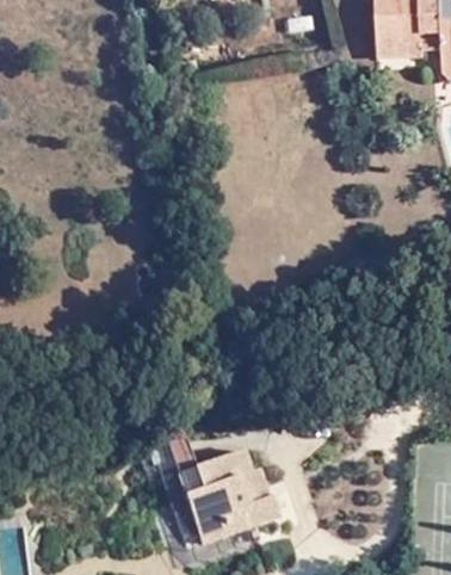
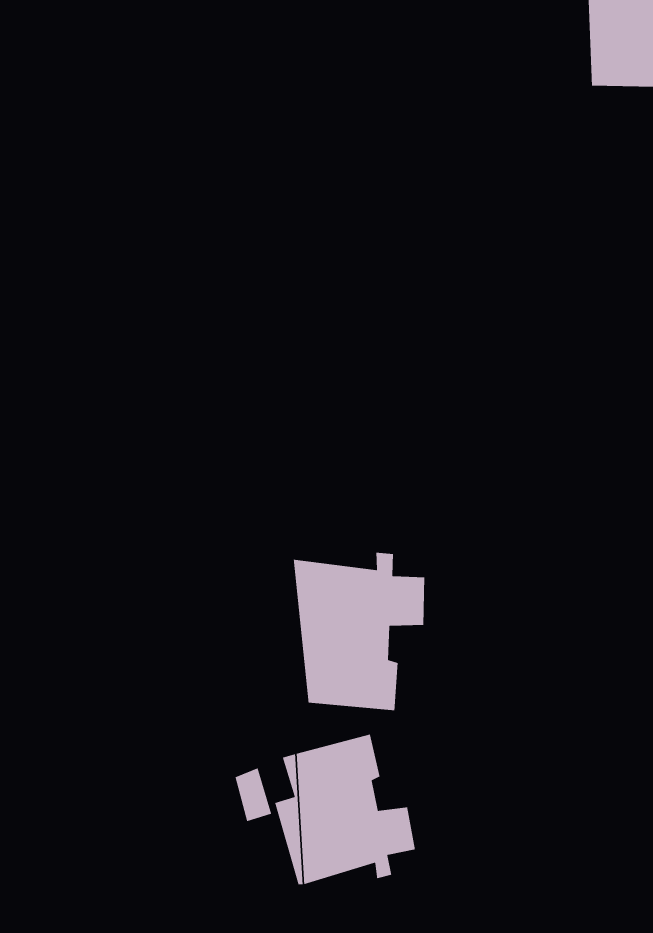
building: none -> [293,552,425,711]

